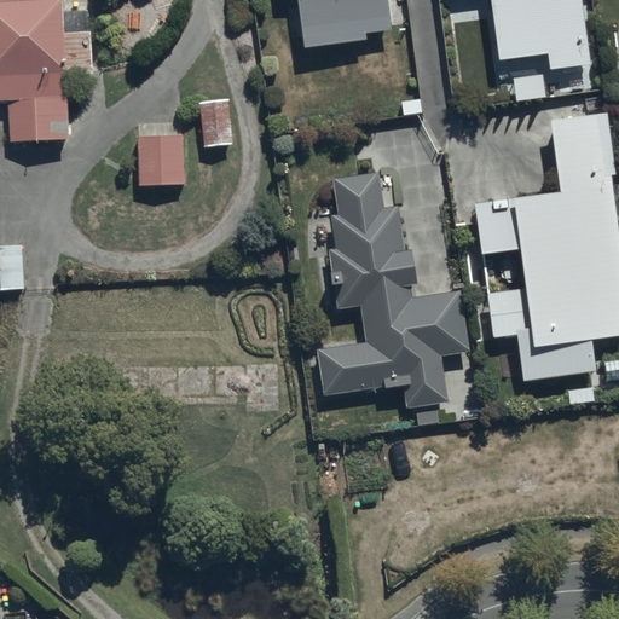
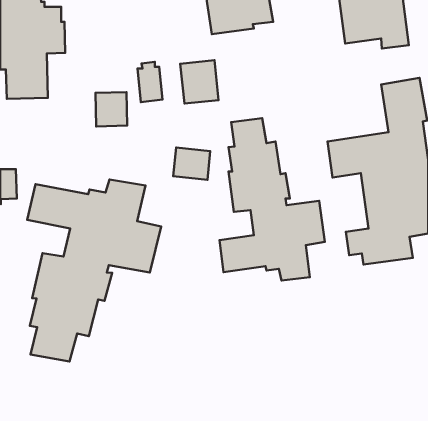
building: none -> [180,60,218,104]
building: none -> [173,148,210,180]
building: none -> [27,179,161,362]

